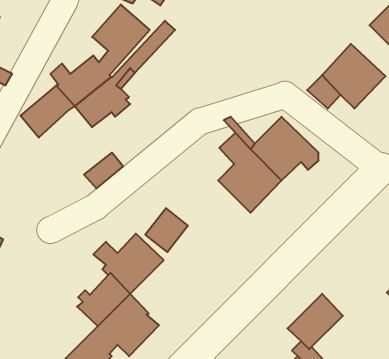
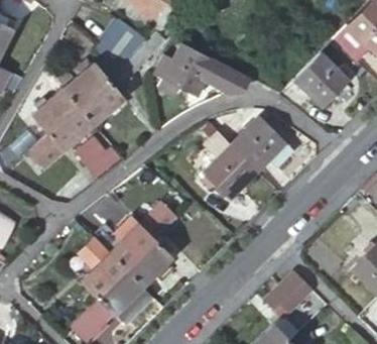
building: none -> [154,42,249,96]
building: none -> [30,107,94,167]
building: none -> [127,241,173,288]

